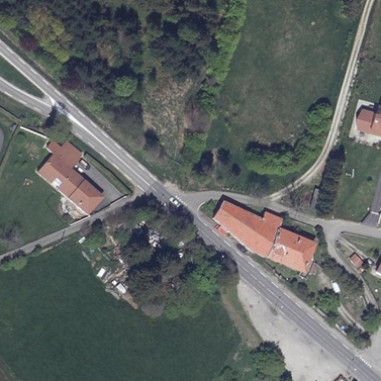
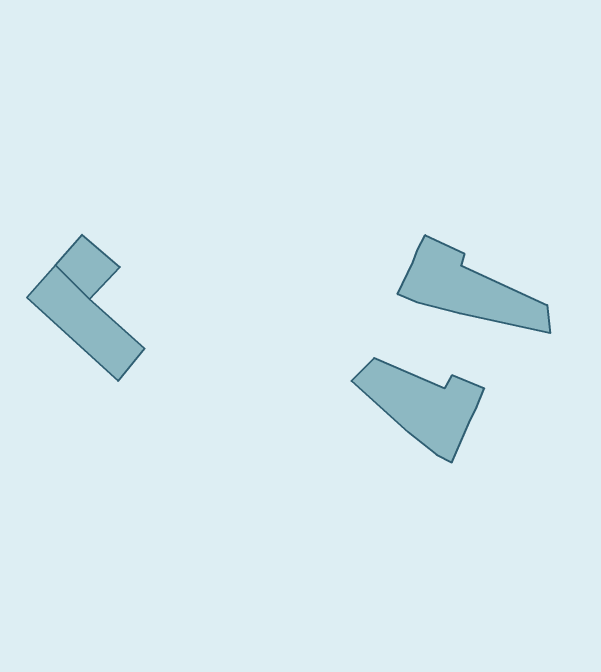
building: none -> [398,235,550,333]
building: [266,228,313,272] -> none

